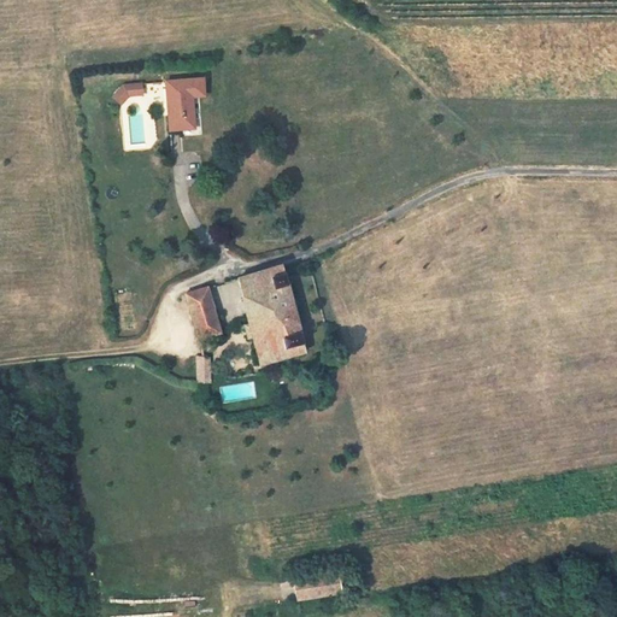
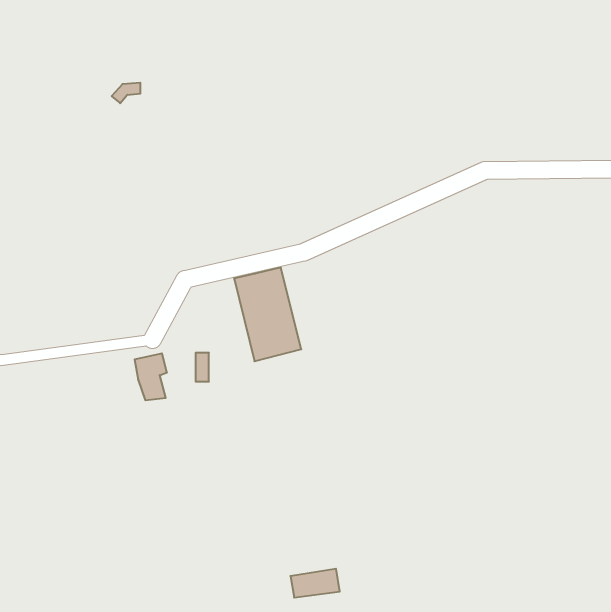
building: [166,76,206,129] -> none
building: [188,289,221,336] -> [135,353,167,400]

